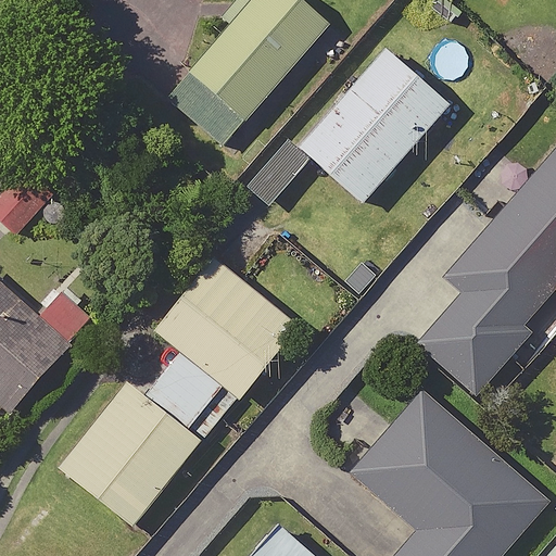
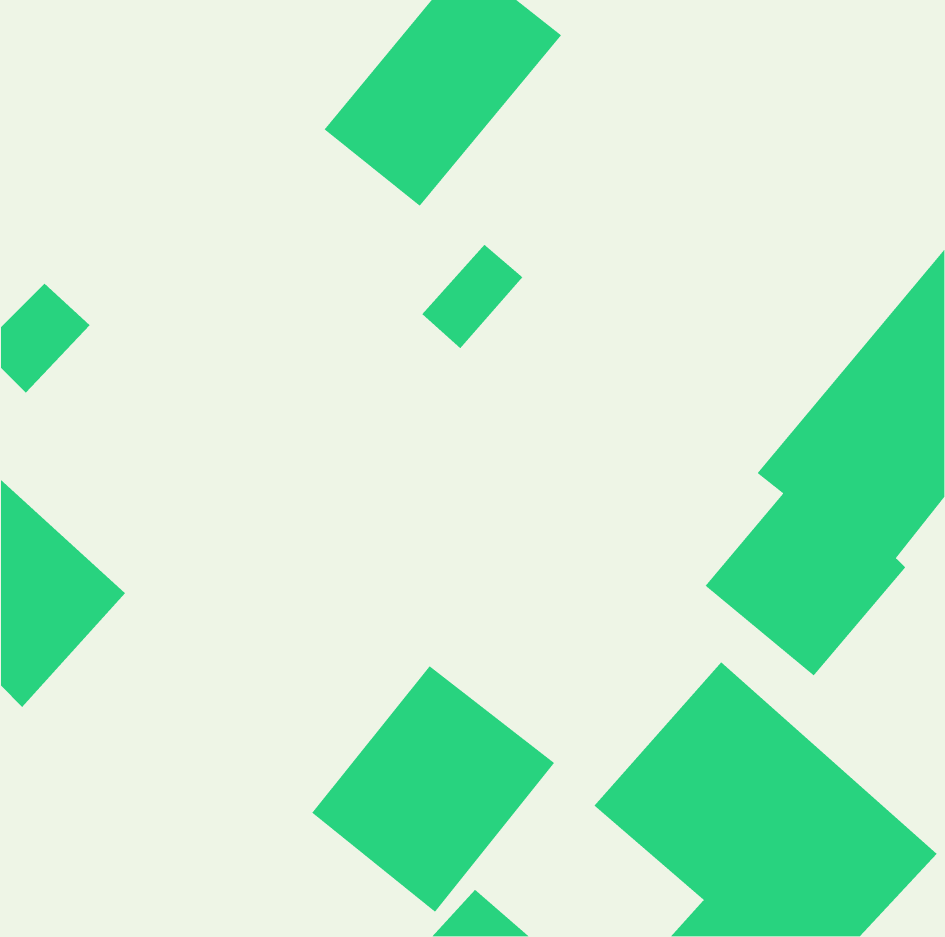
building: [299,49,453,205] -> none
building: [155,258,301,400] -> none
building: [59,381,202,527] -> [311,665,555,913]

